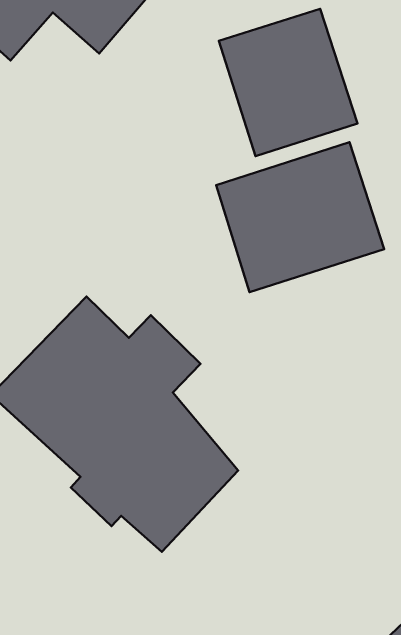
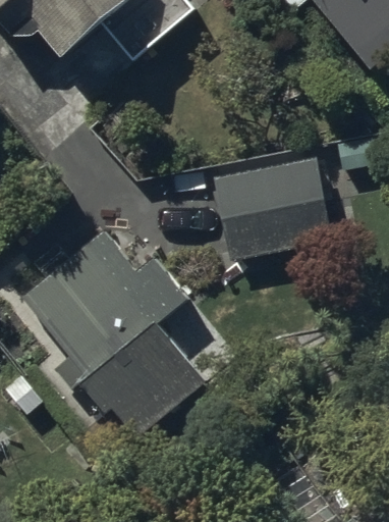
building: [219,9,358,156] -> none

